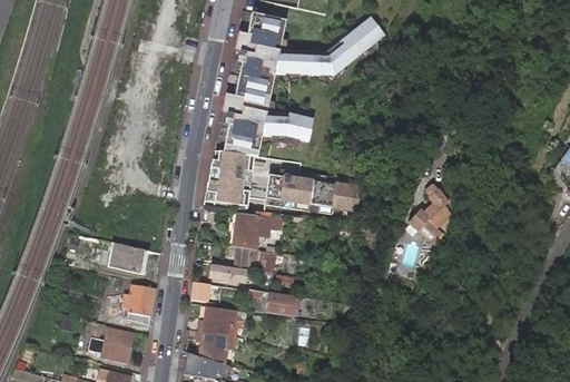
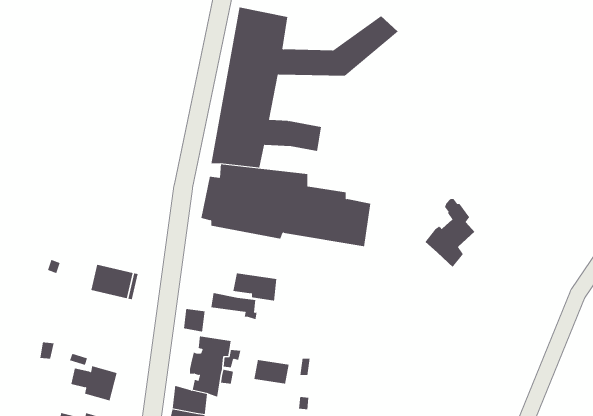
building: [233,216,284,251] -> none
building: [119,284,154,330] -> none
building: [265,293,297,315] -> [254,360,289,384]

